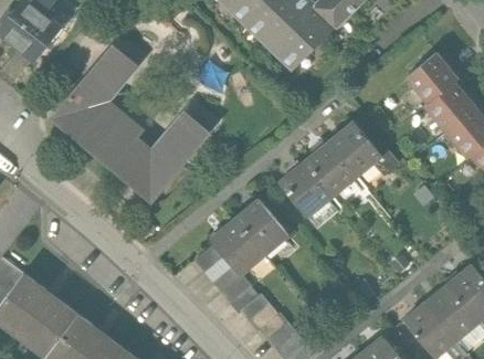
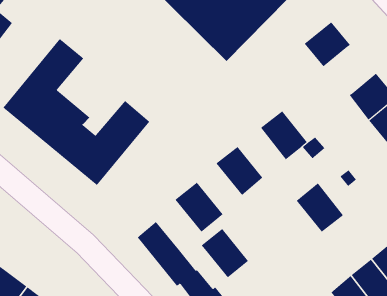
building: [407,54,457,104] -> [304,22,351,67]
building: [304,141,356,196] -> [296,183,344,232]
building: [212,220,264,274] -> [201,228,249,278]

